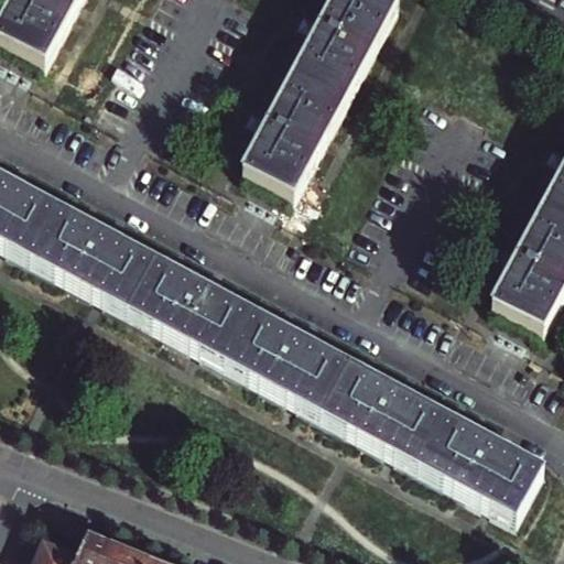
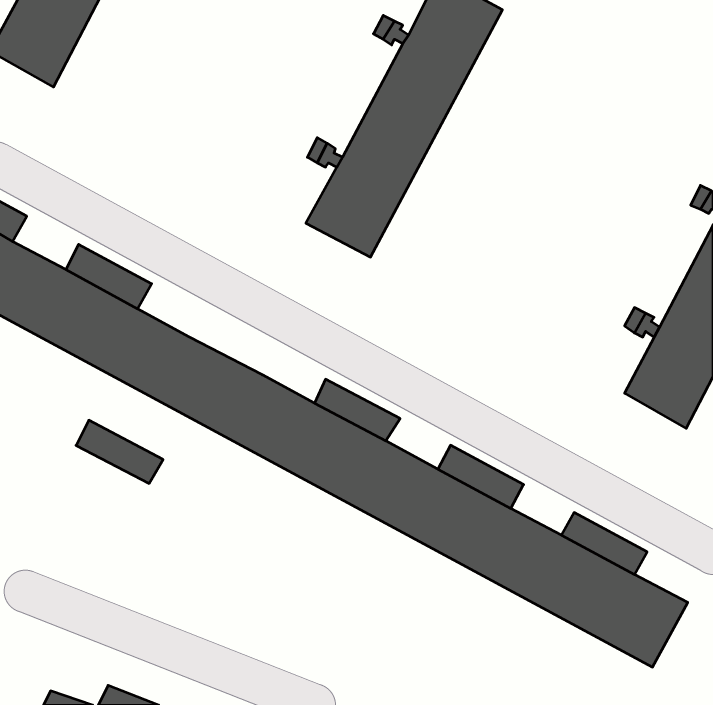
building: [149,245,217,294] -> [76,420,163,483]

